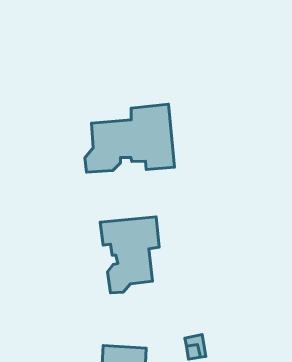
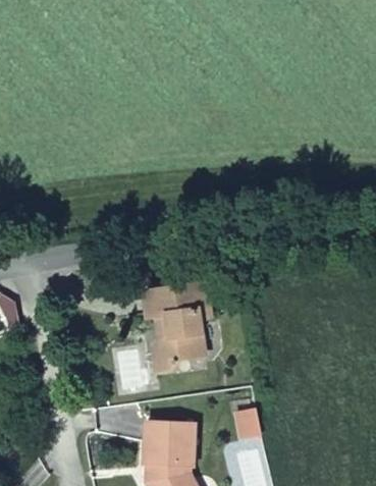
building: [85,104,175,172] -> none

